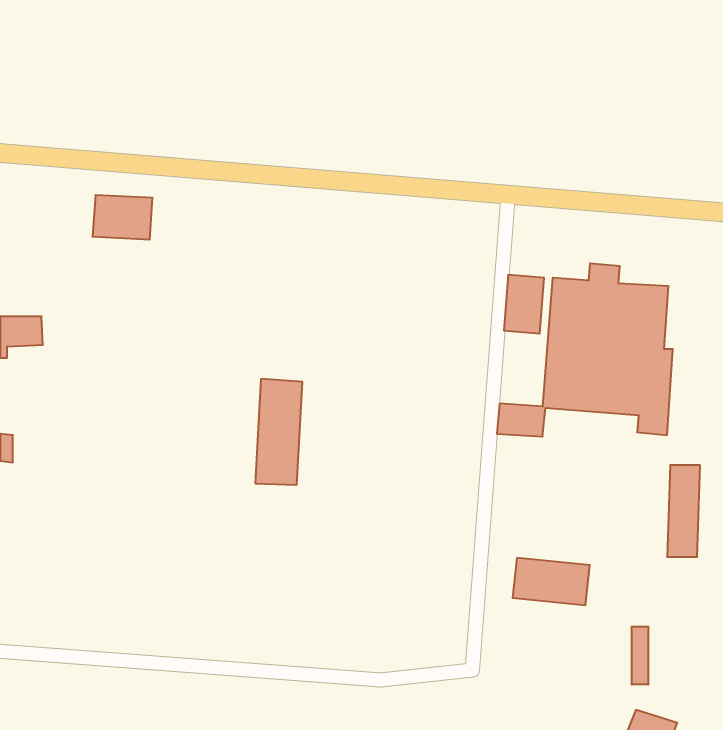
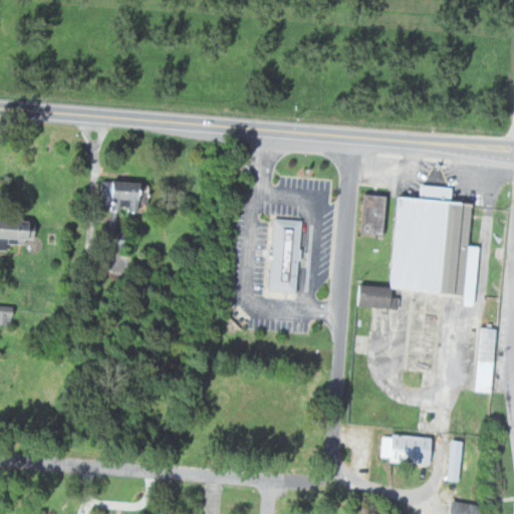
building: [92,195,153,240] -> [102,181,145,212]
building: [255,379,302,485] -> [269,218,302,292]
building: [513,558,590,605] -> [380,433,435,466]

